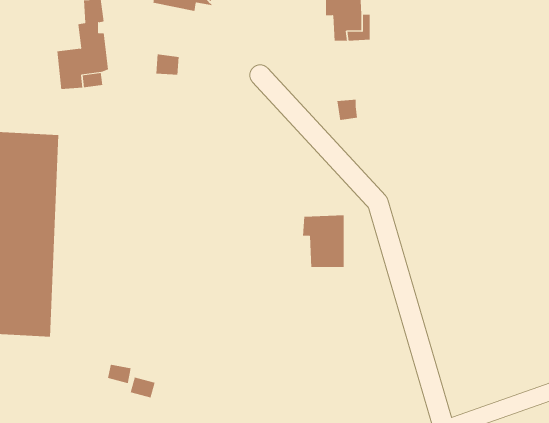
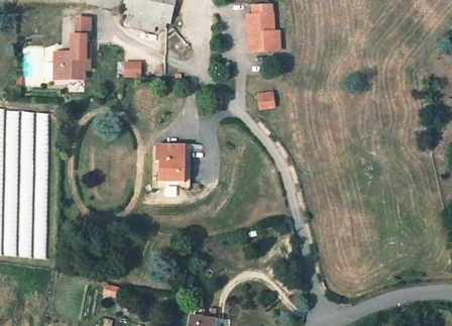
building: [302,215,345,267] -> [163,139,194,177]

